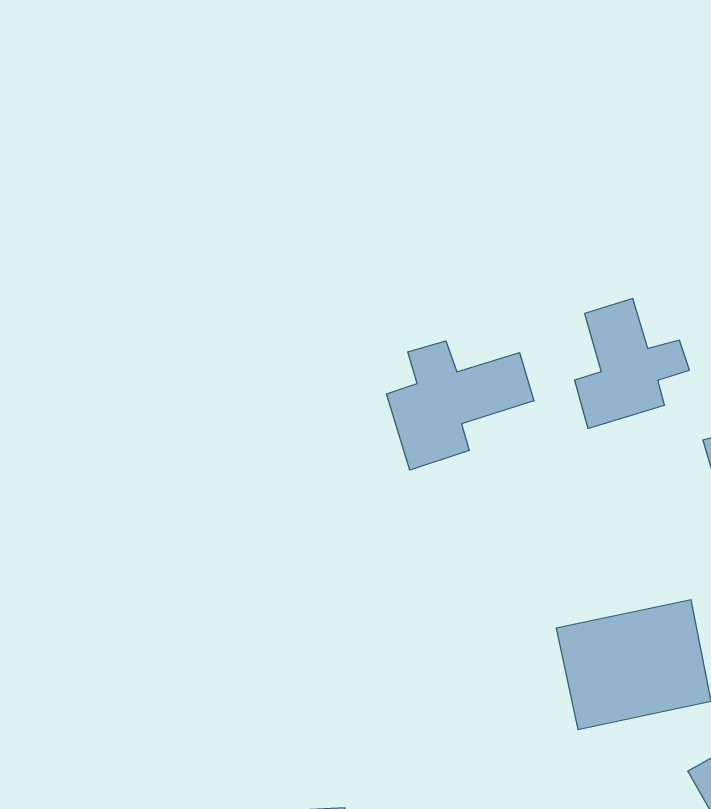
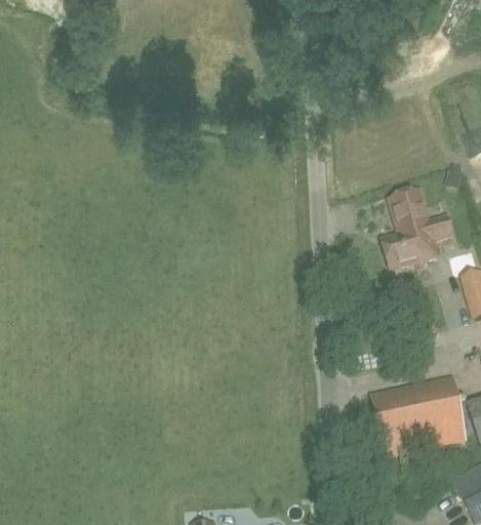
building: [386,341,534,470] -> none

